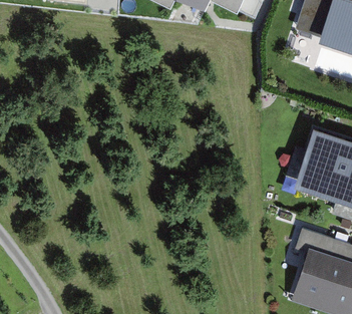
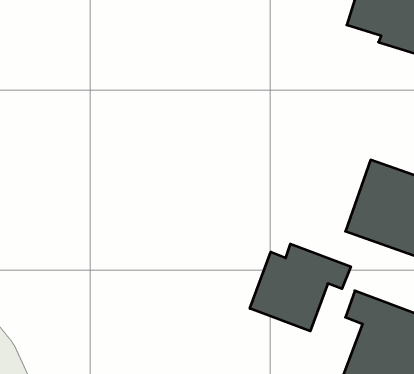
building: none -> [250,244,351,331]

